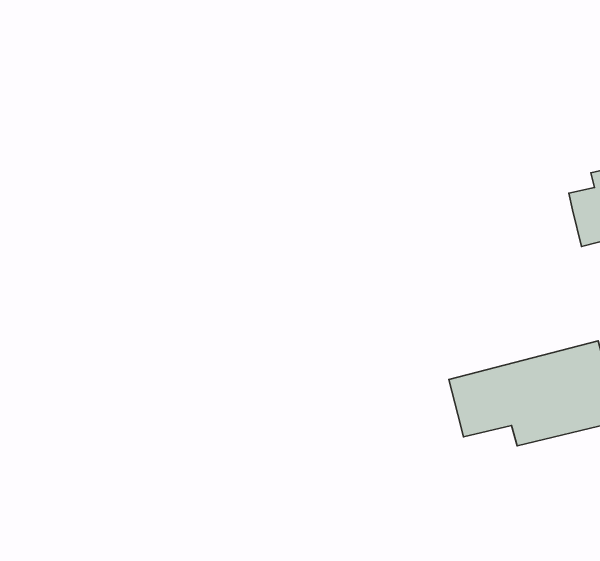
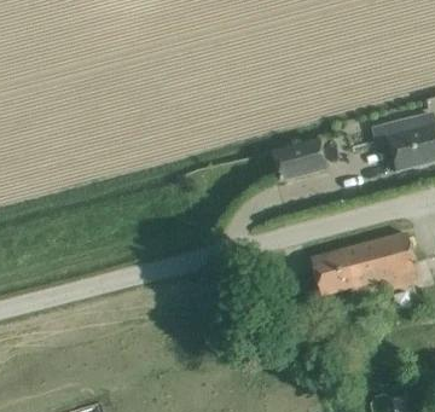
building: none -> [271,139,324,179]

